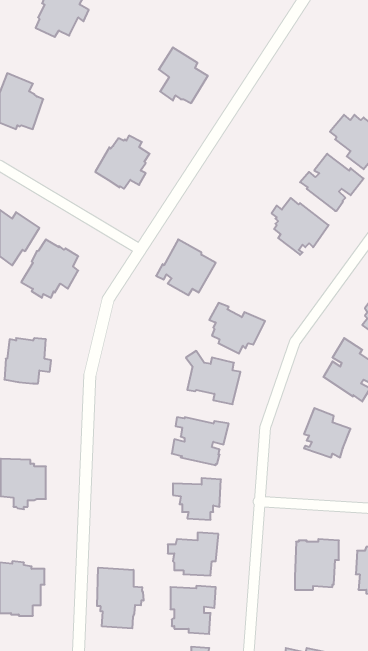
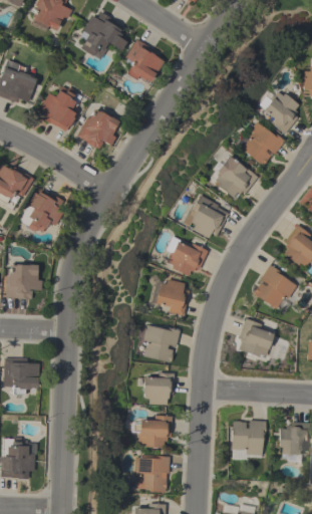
building: none -> [79,12,126,59]
building: none -> [40,86,81,132]
building: [156,239,216,295] -> [183,195,229,238]
building: [97,568,144,628] -> none

